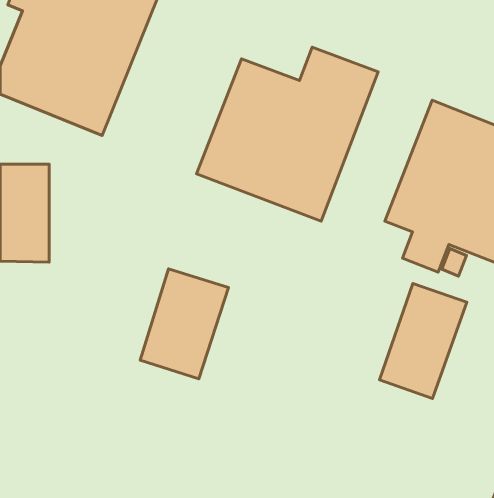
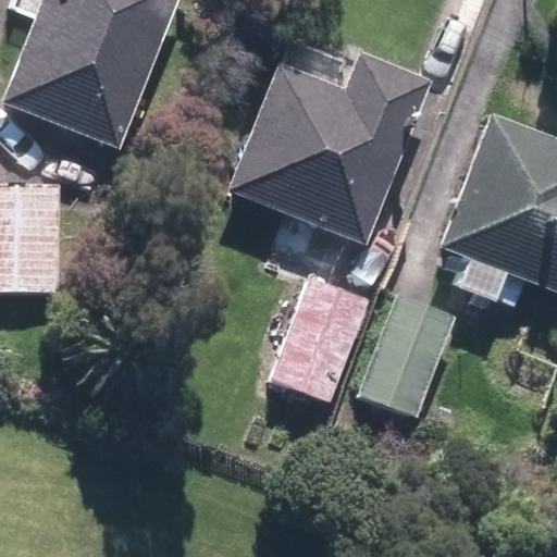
building: [140,269,228,379] -> [273,276,371,398]
building: [379,284,467,398] -> [359,290,456,418]

